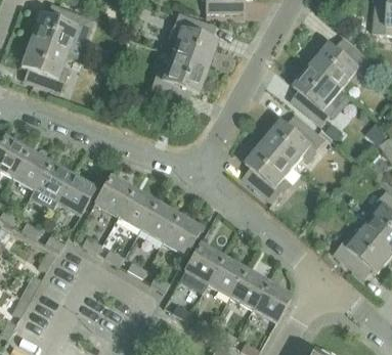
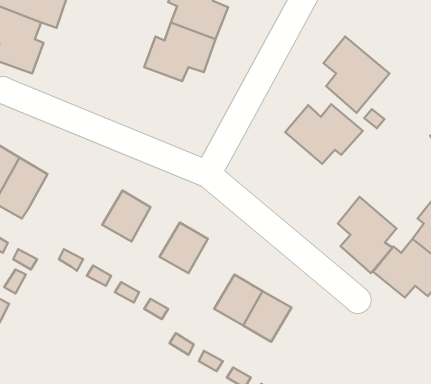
building: [311,42,374,89] -> none
building: [246,141,293,203] -> [338,197,396,273]
building: [56,175,95,216] -> none
building: [93,175,132,216] -> none
building: [139,202,178,241] -> none
building: [183,242,222,283] -> none
building: [252,282,291,322] -> none

